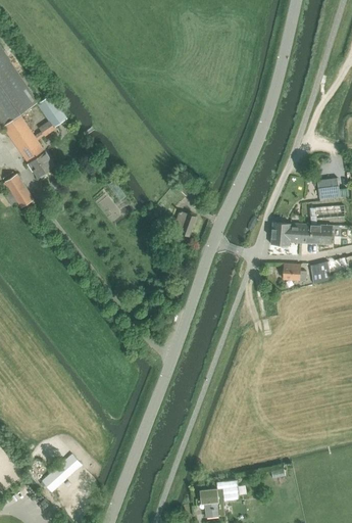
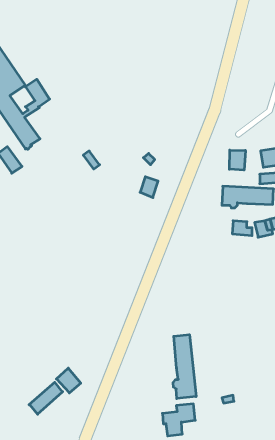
building: none -> [229,150,245,170]
building: none -> [173,335,196,399]
building: none -> [56,368,81,393]

